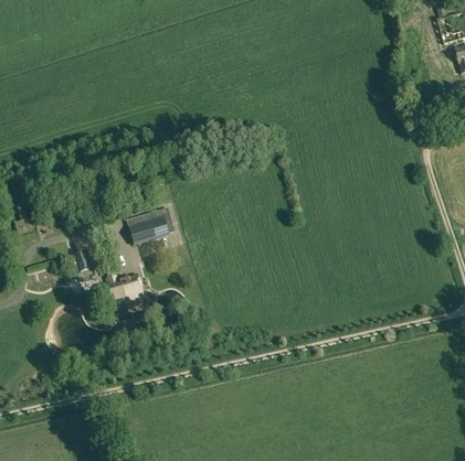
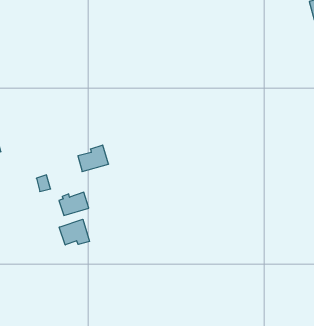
building: none -> [59,219,89,245]

